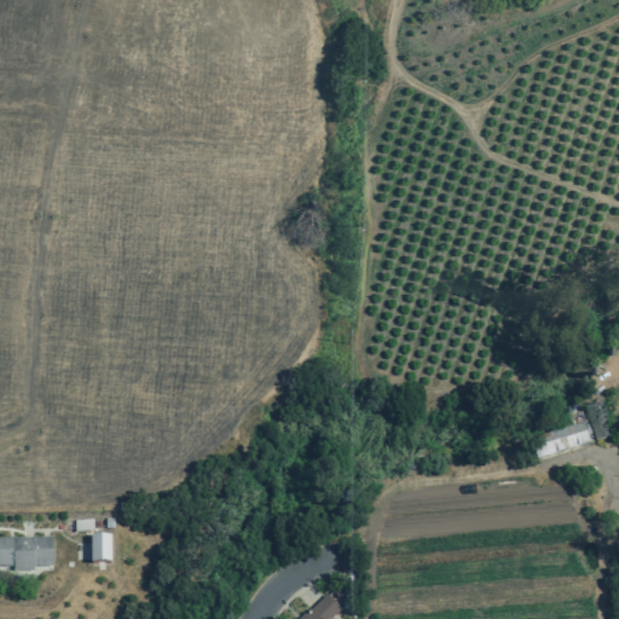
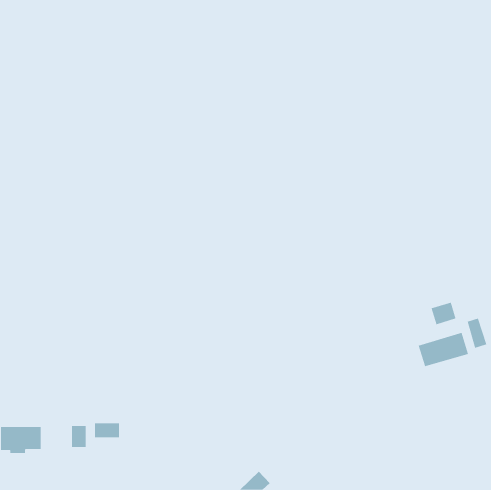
building: none -> [431,302,456,325]
building: none -> [94,423,120,438]

